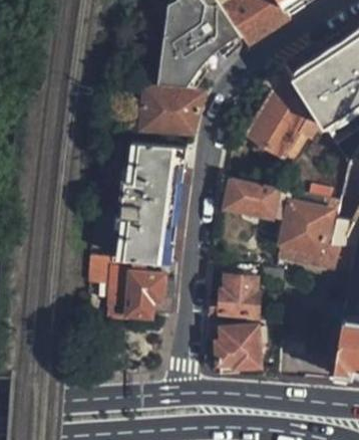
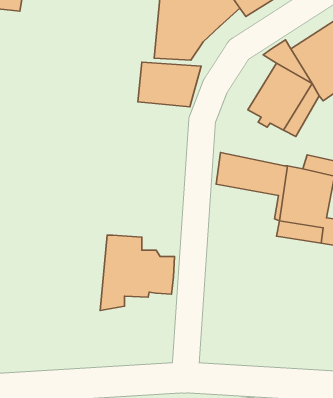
building: [115,142,186,262] -> none
building: [220,275,257,313] -> none
building: [218,327,260,373] -> none

